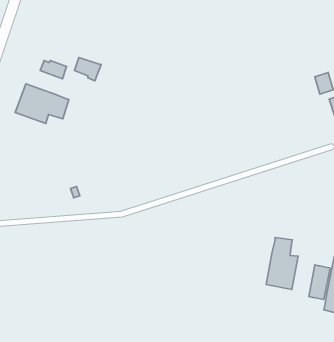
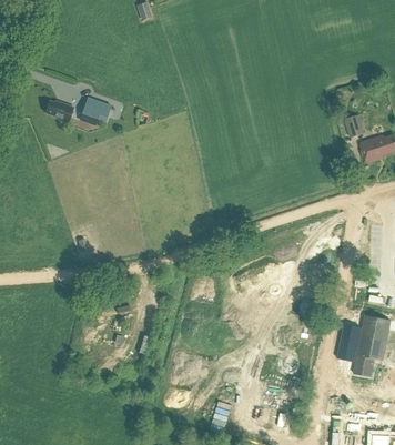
building: [15,84,69,124] -> none
building: [266,237,298,290] -> none

